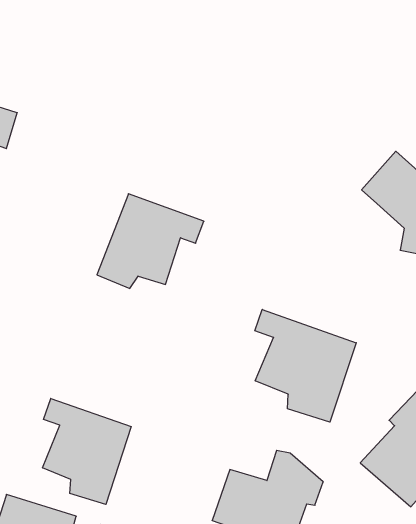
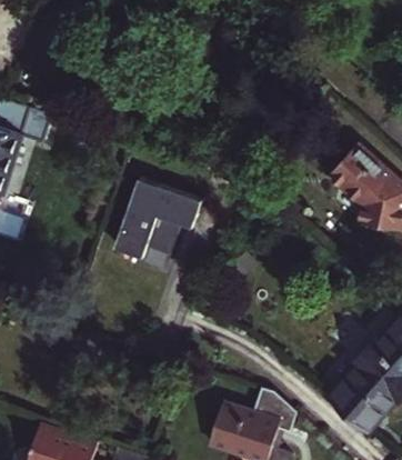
building: [255,309,356,422] -> none
building: [43,398,131,504] -> none

